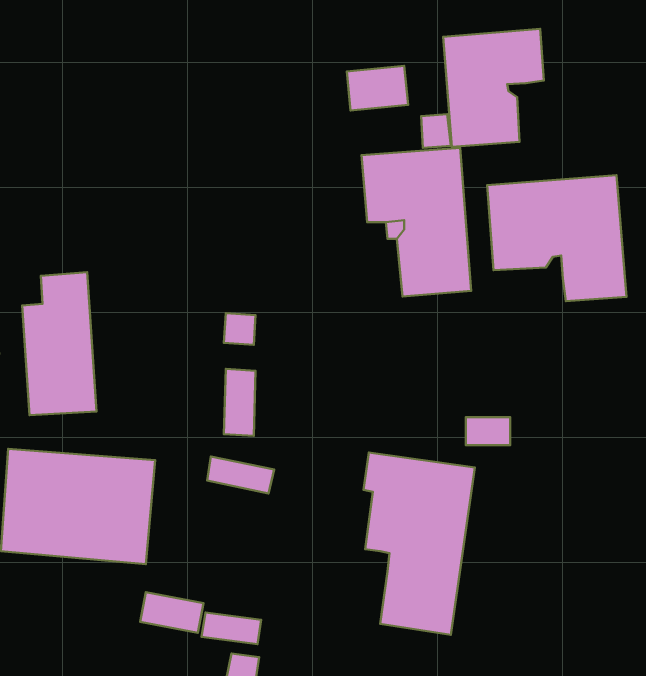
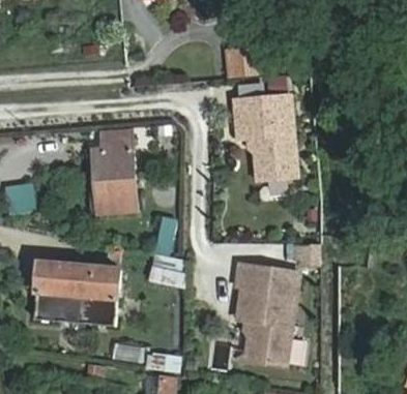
building: [443,29,544,147] -> none
building: [487,175,626,301] -> none
building: [22,272,97,415] -> [92,131,134,211]

